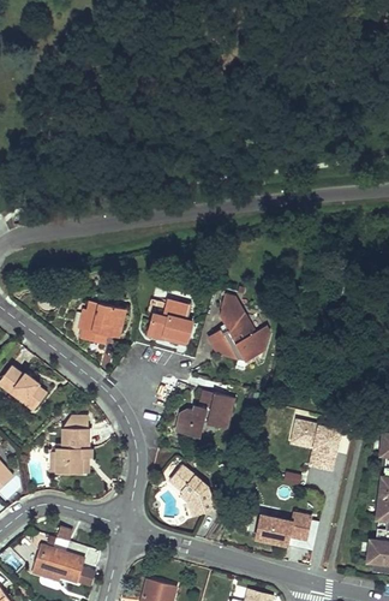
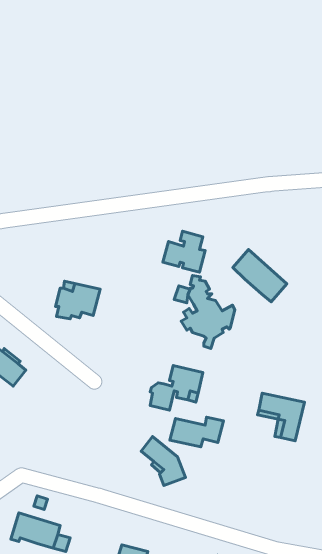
building: none -> [233,250,287,302]
building: [148,300,192,344] -> [163,231,205,272]
building: [56,416,90,472] -> none
building: [256,512,312,543] -> [170,417,224,447]

